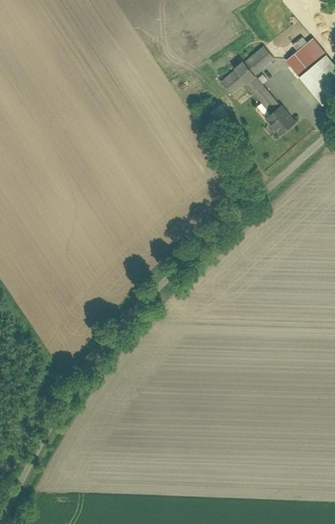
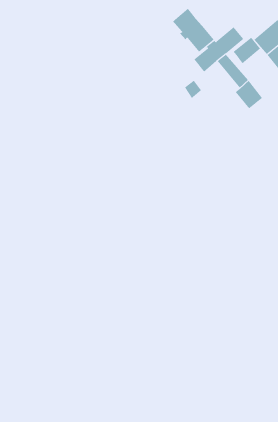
building: none -> [172,8,214,53]
building: none -> [233,37,261,64]

